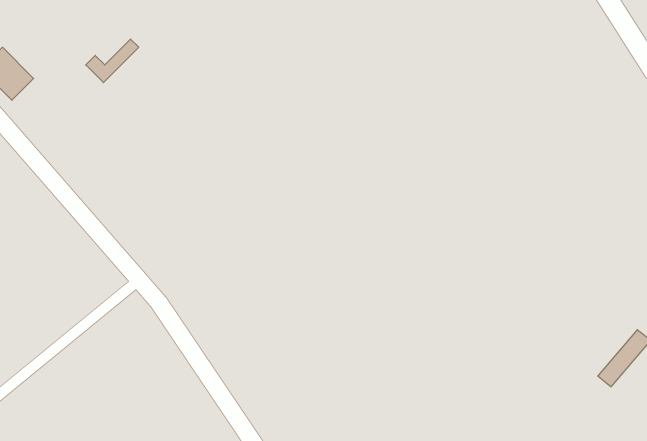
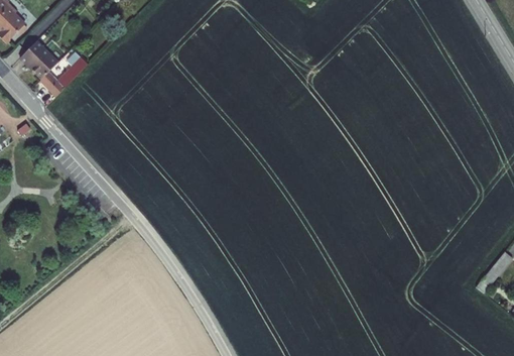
building: [86,39,139,83] -> [42,61,82,93]

